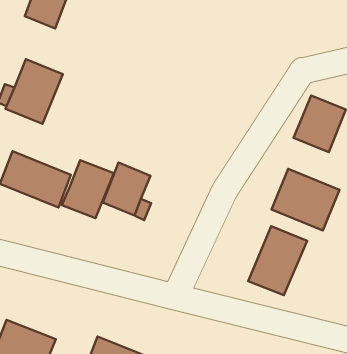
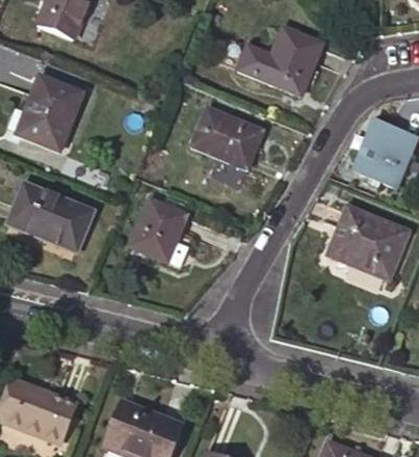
building: none -> [237,26,322,95]
building: none -> [191,106,261,166]
building: [62,160,114,218] -> none
building: [248,226,307,295] -> none

